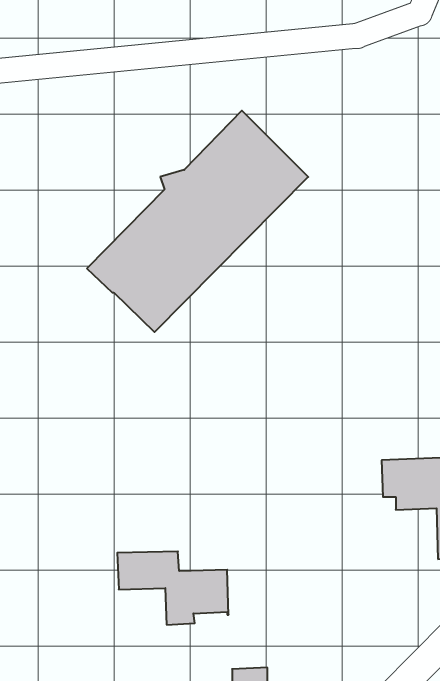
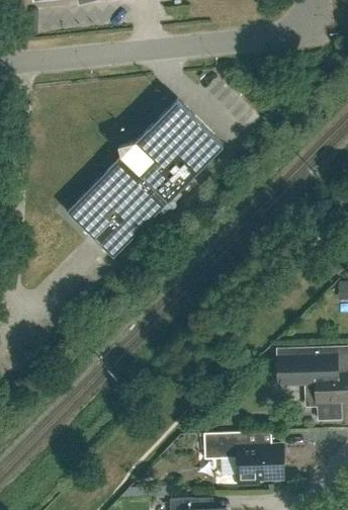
building: [117,551,229,625] -> [203,432,283,485]

